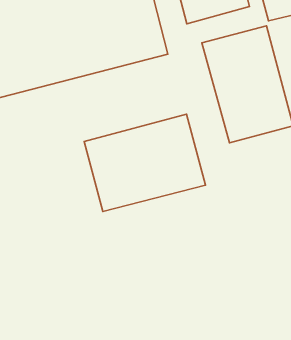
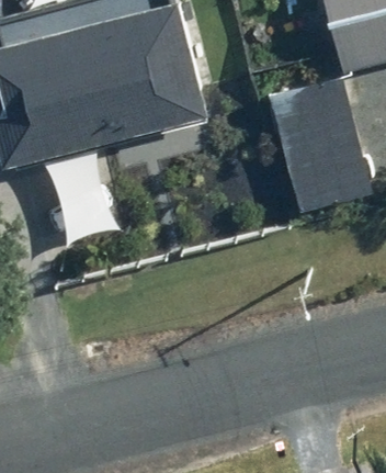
building: [84,114,205,212] -> none

